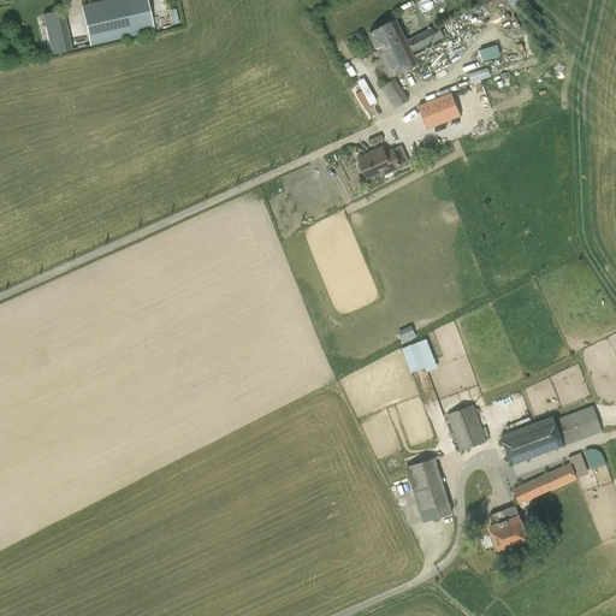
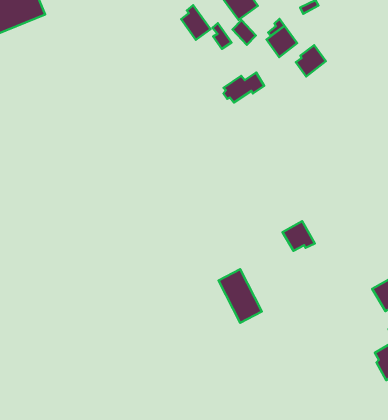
building: none -> [181,5,210,40]
building: none -> [296,45,326,76]
building: [446,403,487,450] -> none
building: [405,456,452,522] -> [218,269,262,323]

